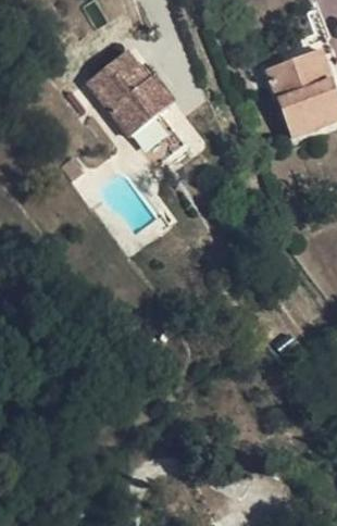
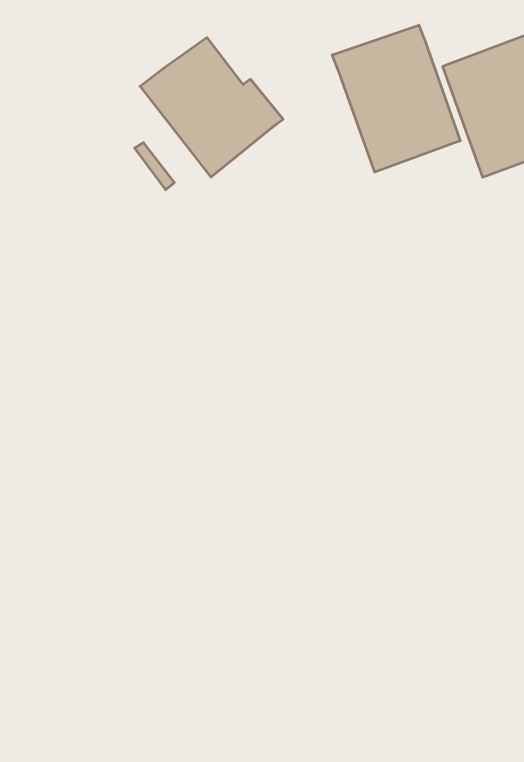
building: none -> [332,25,460,172]

